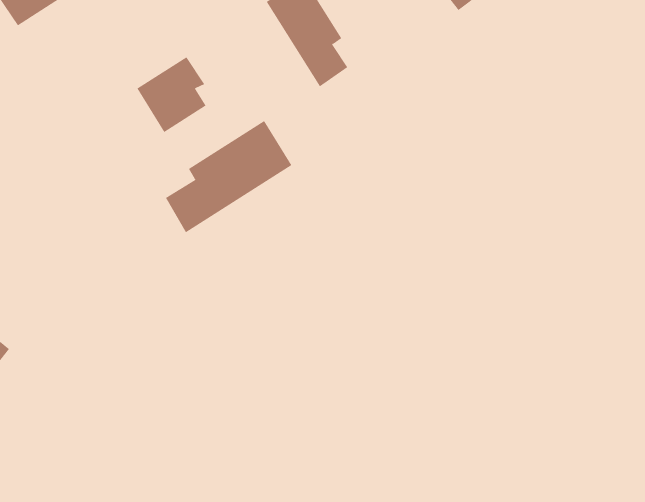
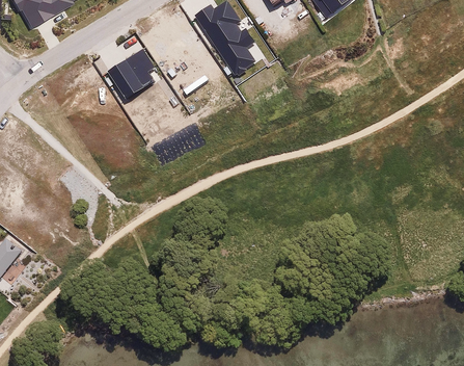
building: [165,120,292,233] -> none

